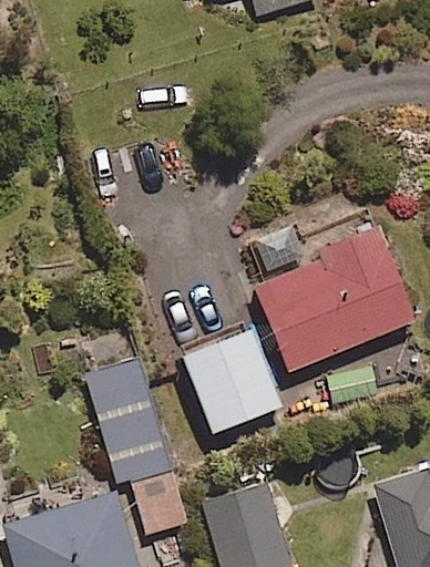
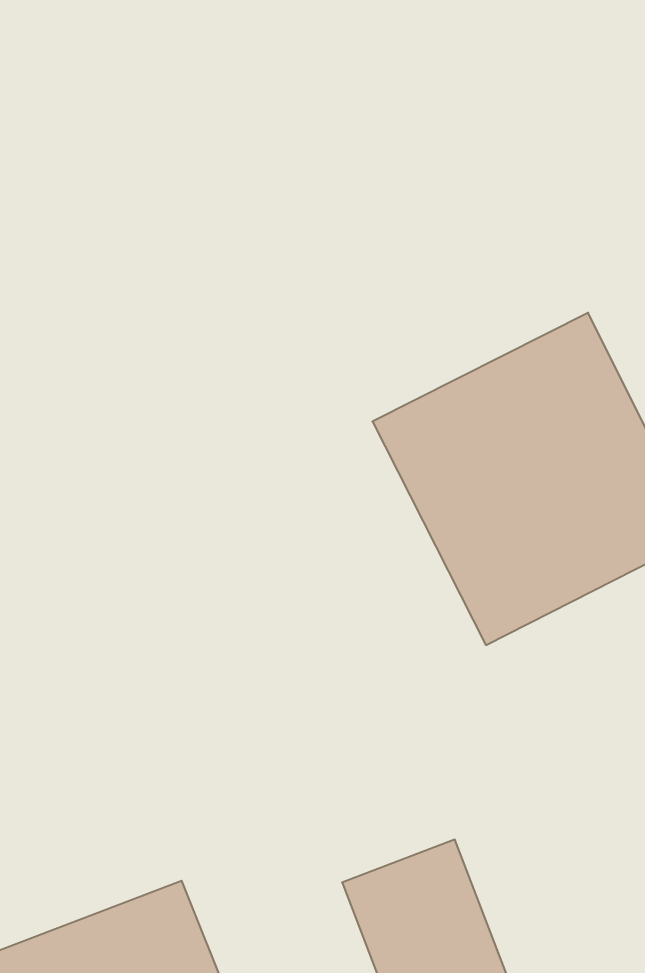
building: [182,332,277,434] -> none
building: [85,359,187,535] -> none

